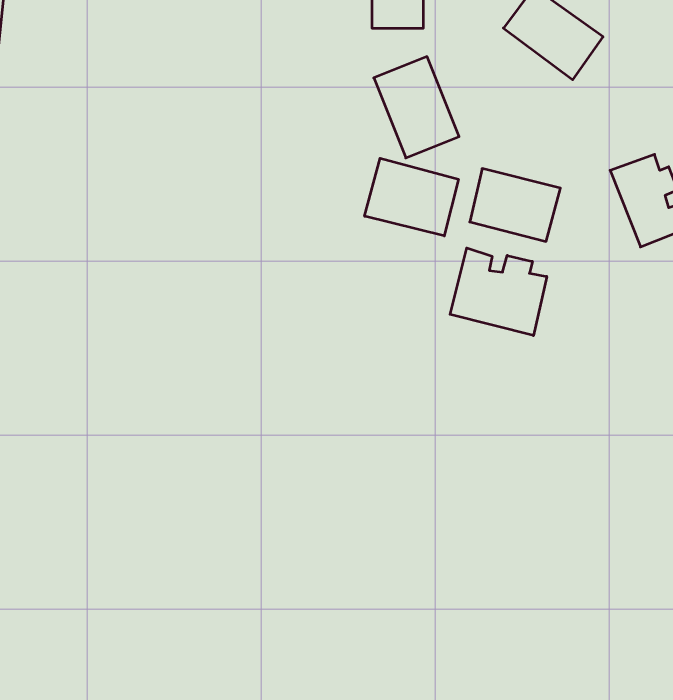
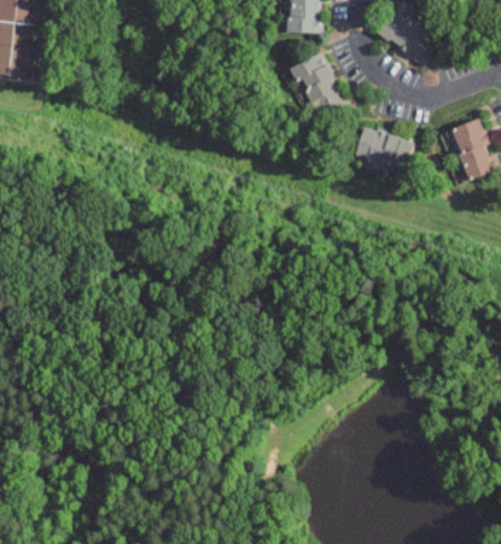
building: [365,158,458,236] -> none
building: [450,248,547,336] -> none

